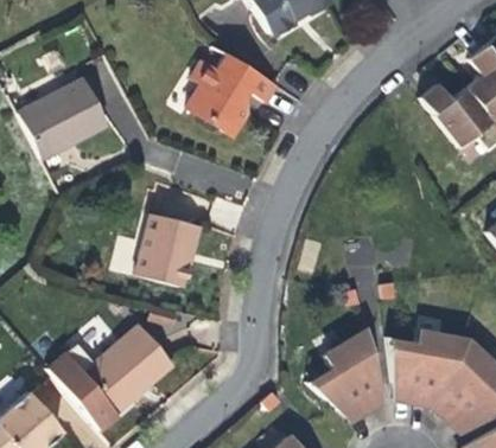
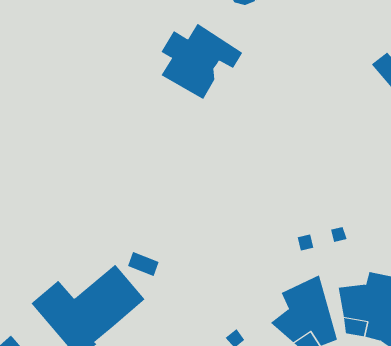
building: [18,75,110,156] -> none
building: [142,215,205,288] -> none

